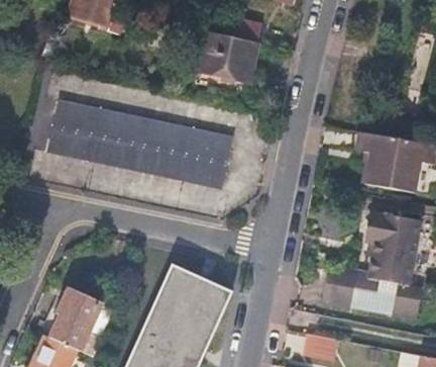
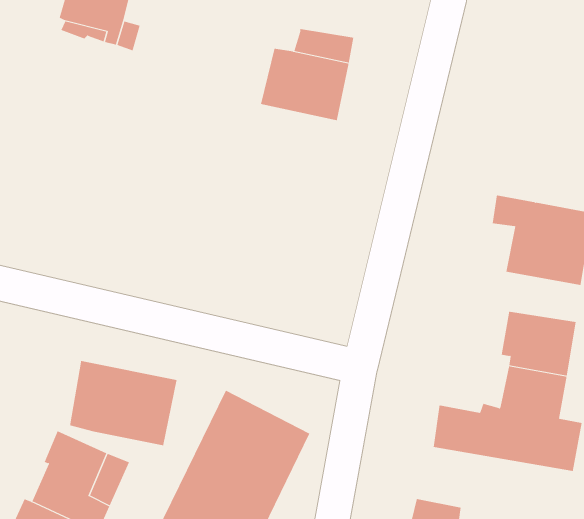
building: [46,100,230,188] -> none
building: none -> [69,360,177,446]

